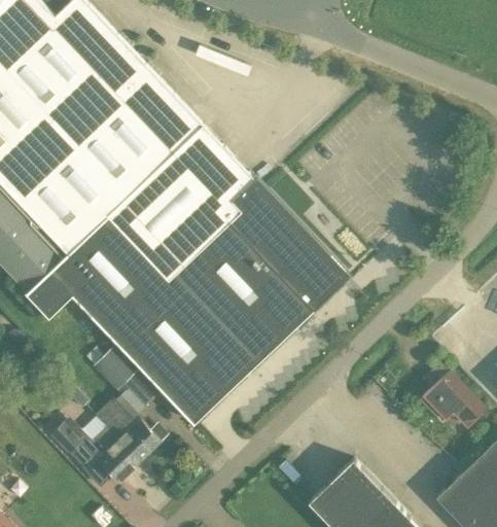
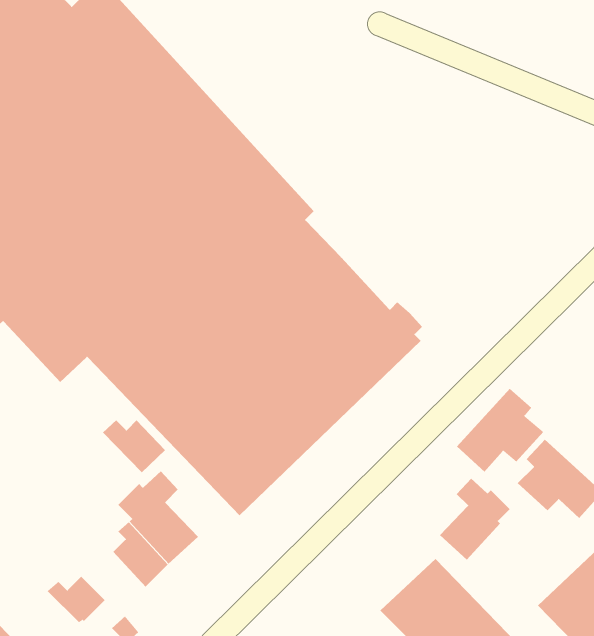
building: none -> [456,388,544,472]
building: none -> [439,478,510,561]
building: [40,418,87,456] -> [47,576,105,623]

